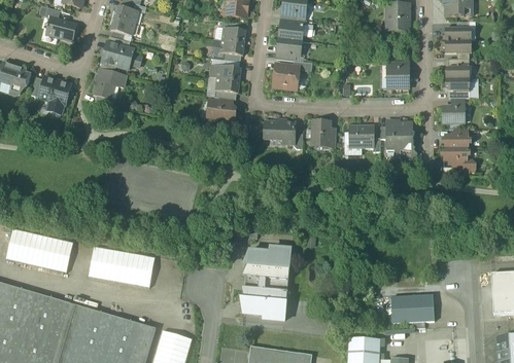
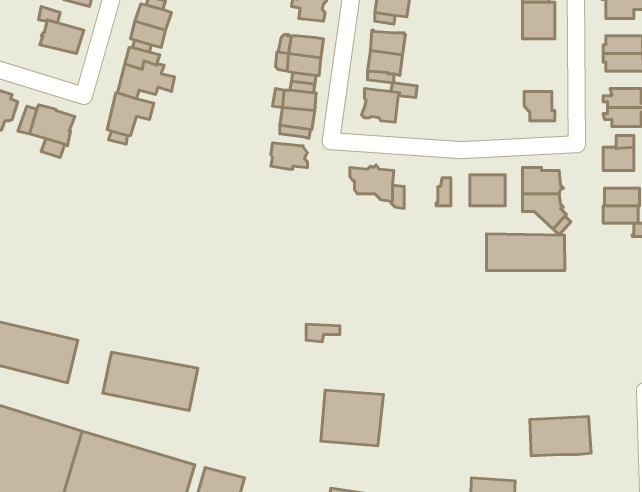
building: [311,119,330,144] -> none
building: none -> [486,234,565,270]
building: [241,247,289,279] -> none

